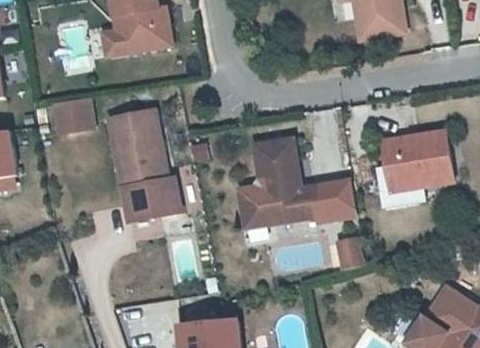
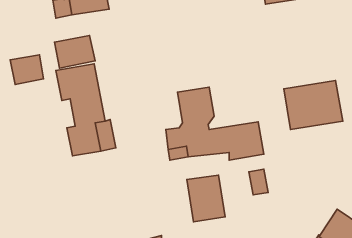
building: none -> [55,36,95,68]
building: none -> [187,175,225,222]

